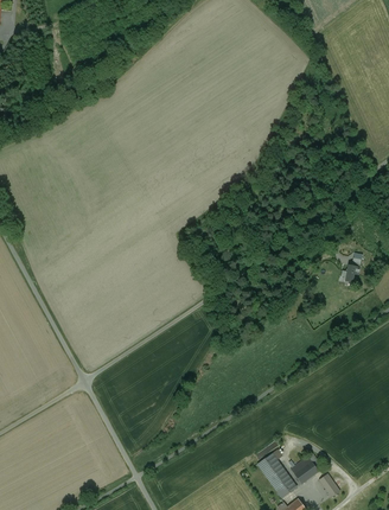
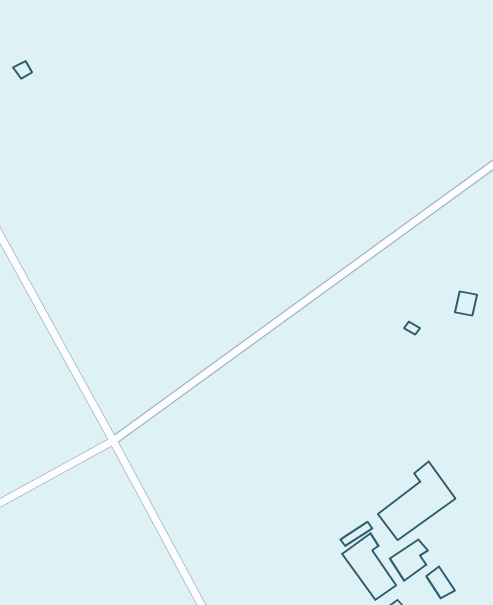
building: none -> [378,461,455,540]

